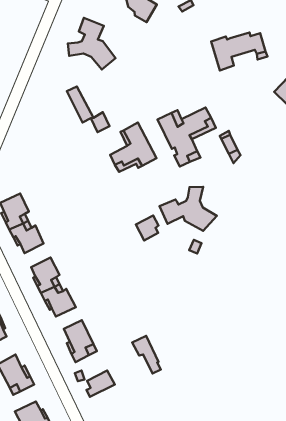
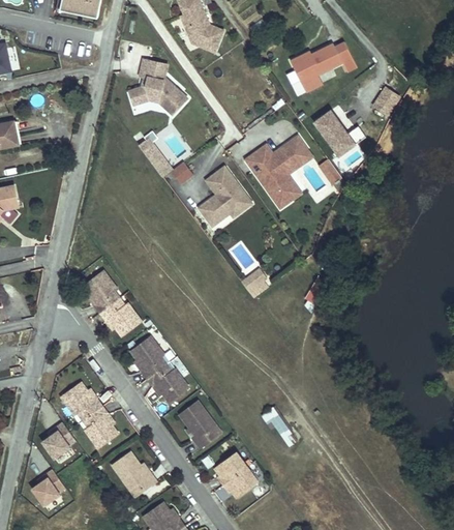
building: none -> [313,111,365,156]
building: [160,187,217,231] -> none
building: none -> [222,466,259,496]

